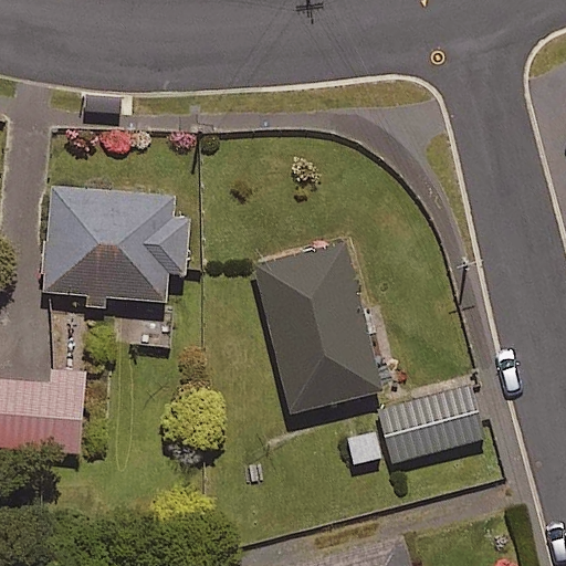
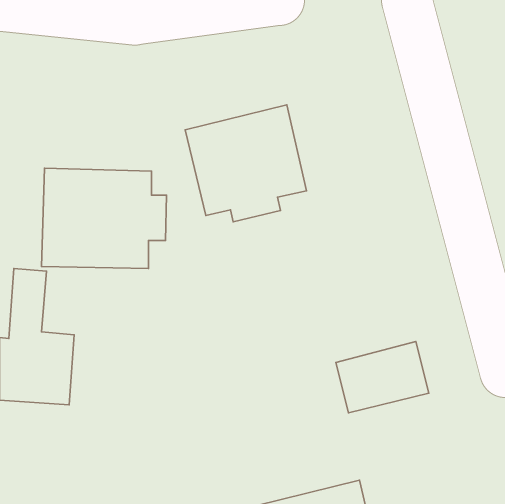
building: none -> [185,105,306,222]
building: [256,247,380,413] -> none

